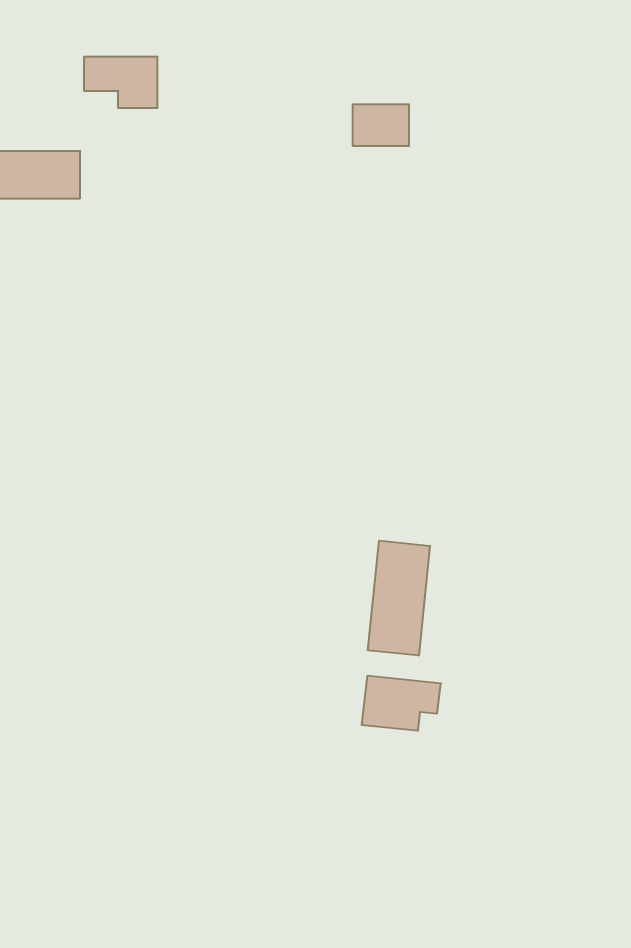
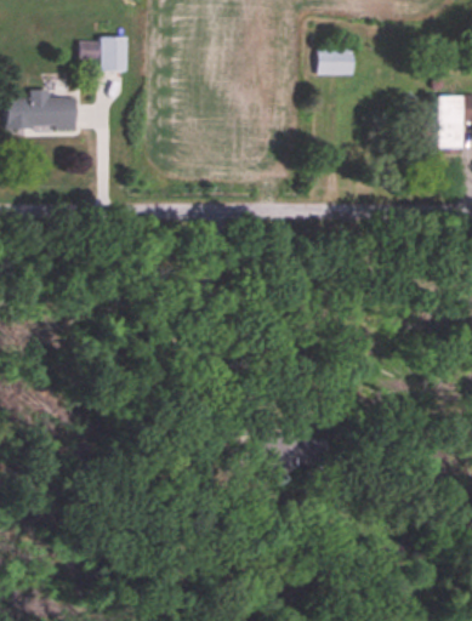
building: [353,104,409,146] -> [317,47,353,74]
building: [368,541,430,656] -> none

